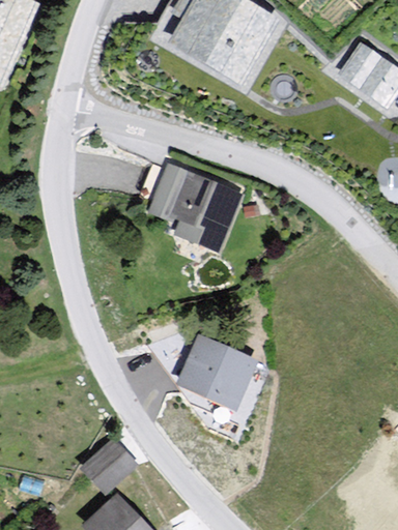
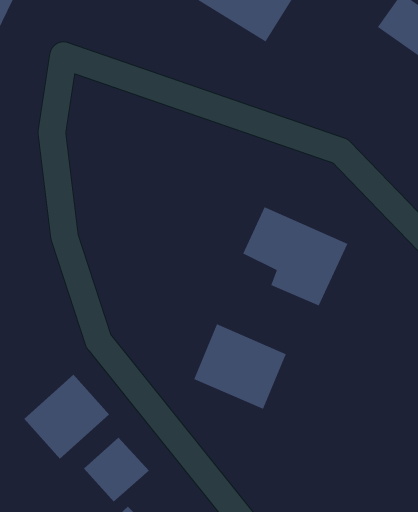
building: [149,164,244,253] -> [242,206,348,307]
building: none -> [23,374,110,460]

